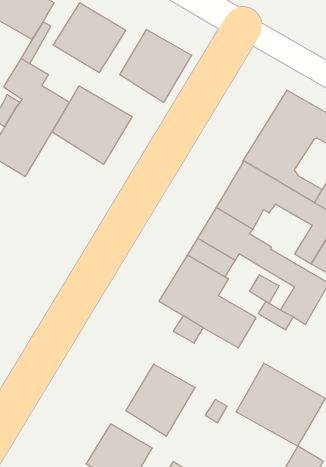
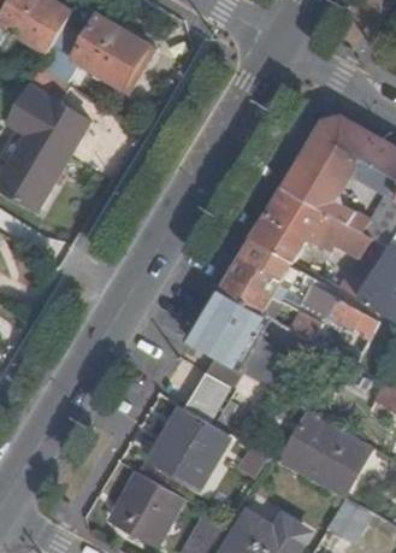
building: [120,29,192,102] -> none
building: [52,86,132,164] -> none
building: none -> [182,371,226,420]

